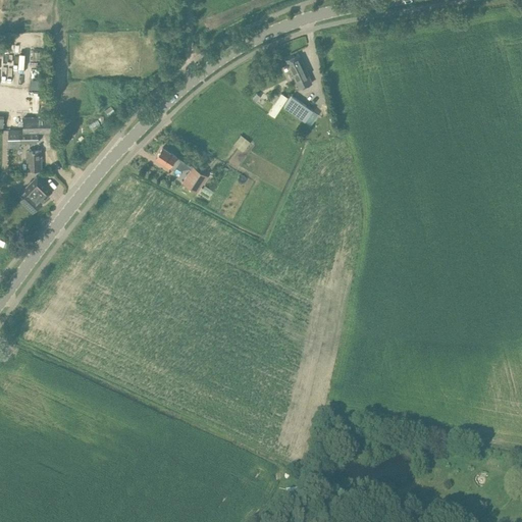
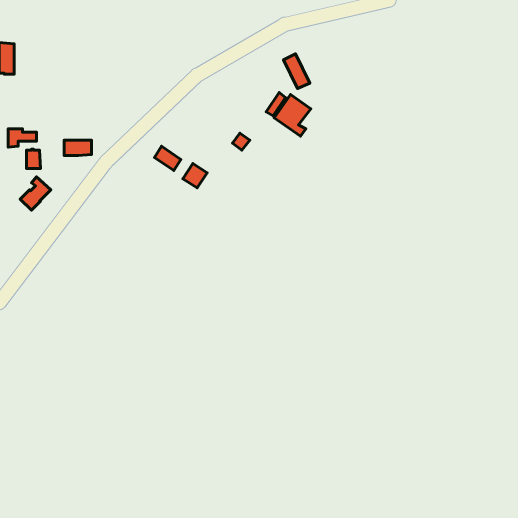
building: [22,118,50,134] -> [64,140,92,155]

